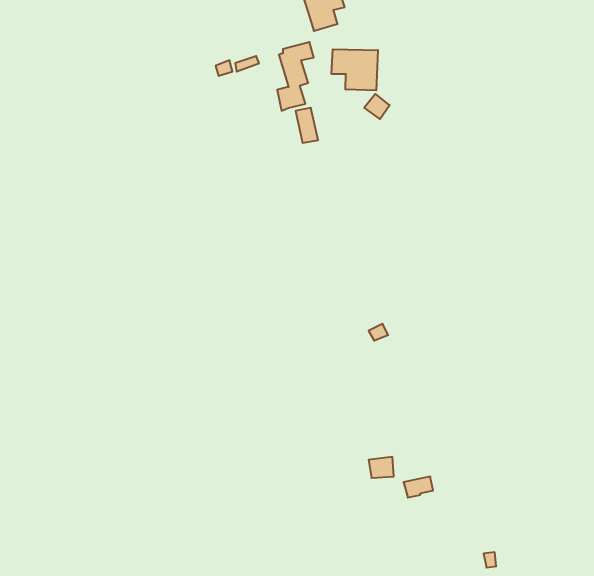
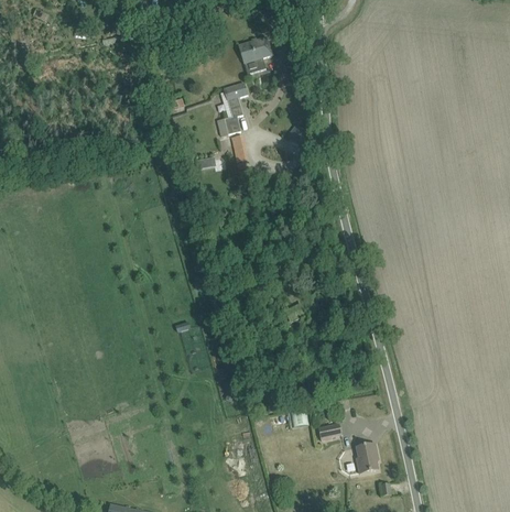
building: [332,49,378,90] -> none
building: none -> [355,443,378,473]

